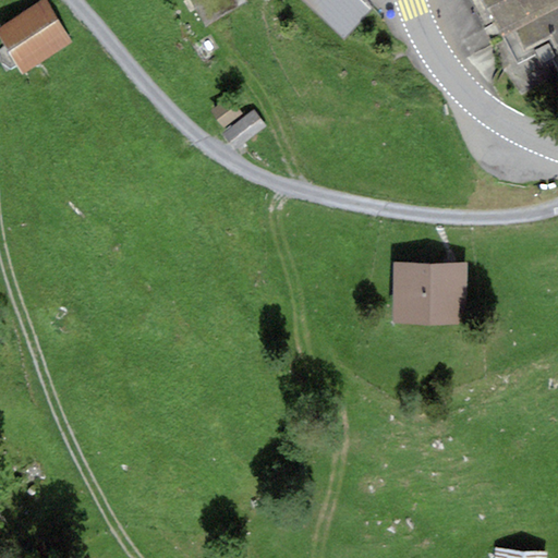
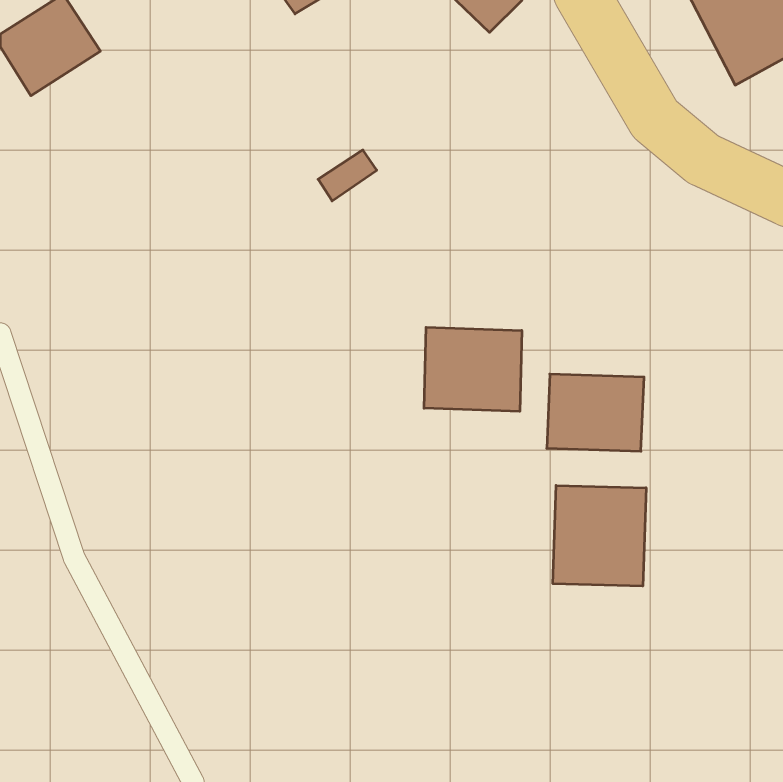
building: none -> [424,327,522,411]
building: none -> [553,485,646,586]

